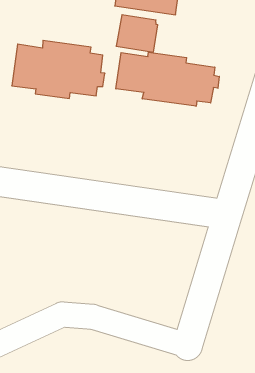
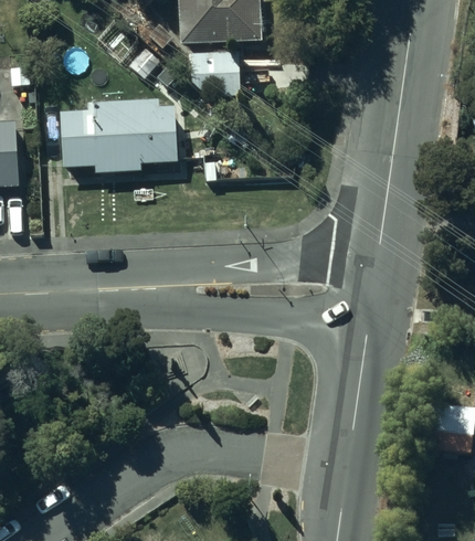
building: [116,52,219,106] -> none

